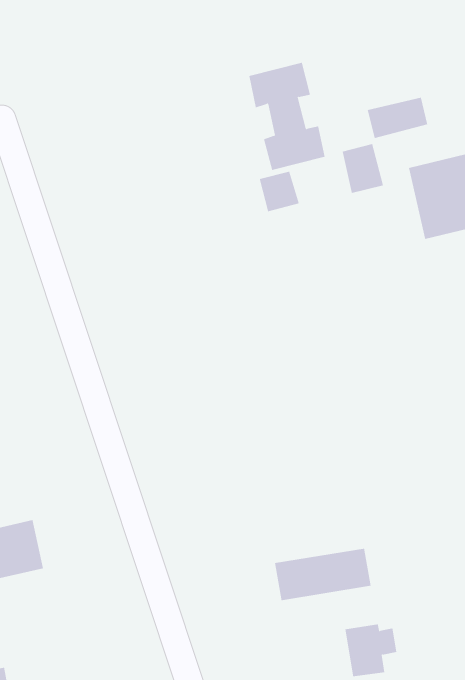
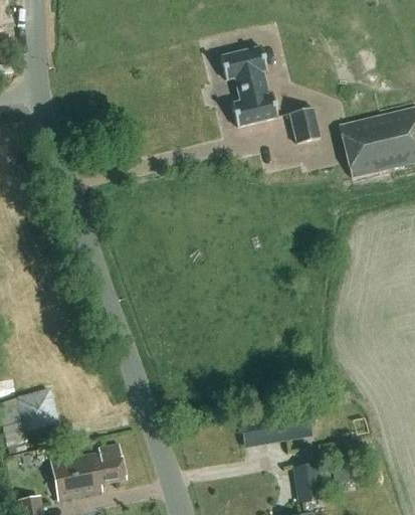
building: [367,97,428,139] -> none
building: [259,171,299,212] -> none
building: none -> [49,445,126,501]

